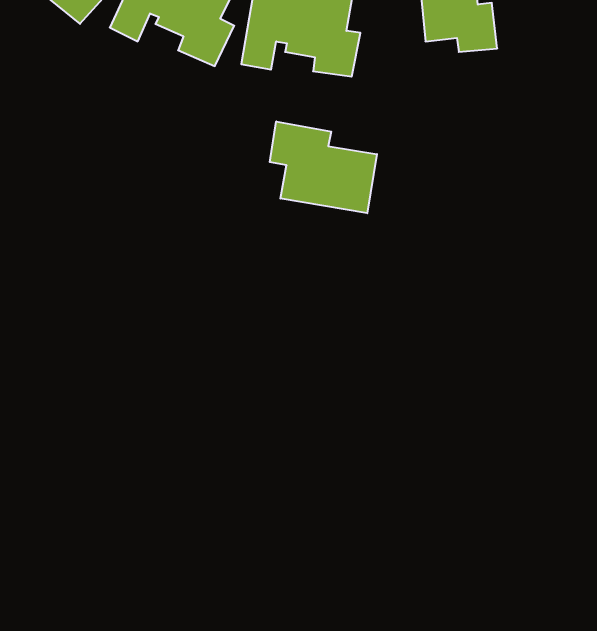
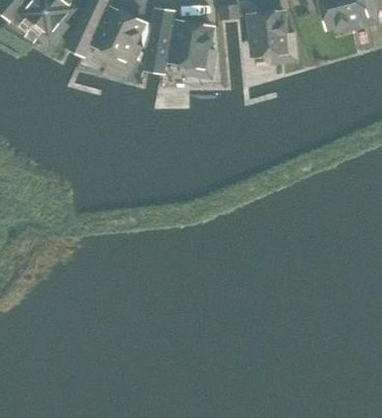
building: [270,121,377,213] -> none

